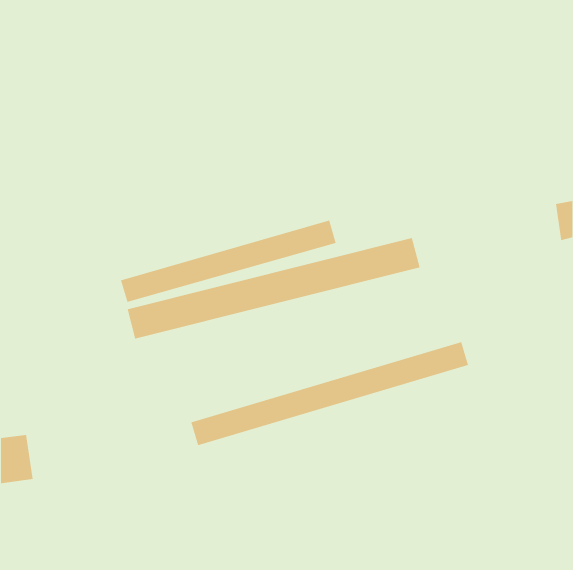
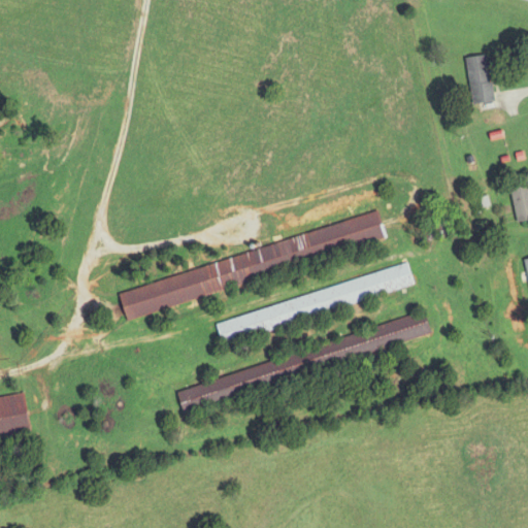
building: none -> [466,54,492,102]
building: [120,220,336,303] -> [214,265,414,341]

